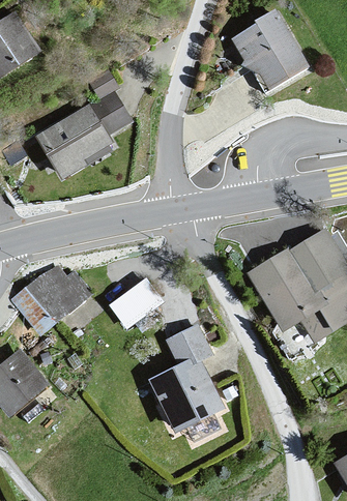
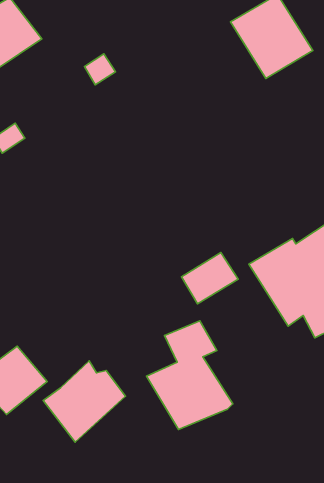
building: [33,91,129,178] -> none
building: [8,263,88,342] -> [43,361,125,442]
building: [107,272,162,322] -> [182,252,238,304]

